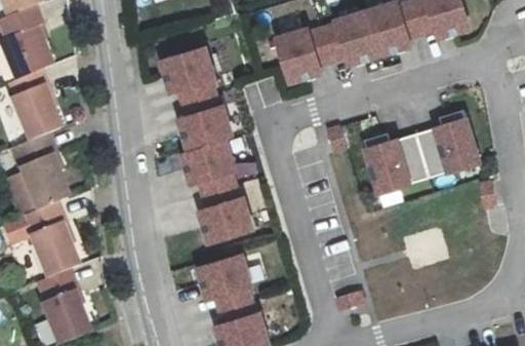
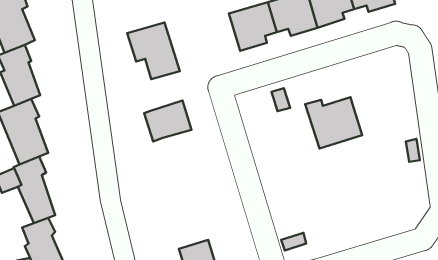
building: [176,104,230,150] -> none
building: [417,112,480,178] -> none
building: [197,171,251,241] -> none
building: [194,256,253,309] -> none

